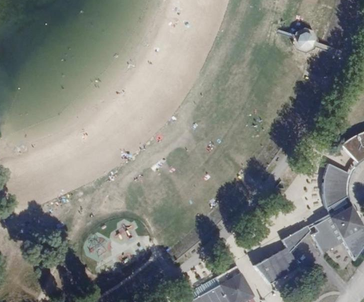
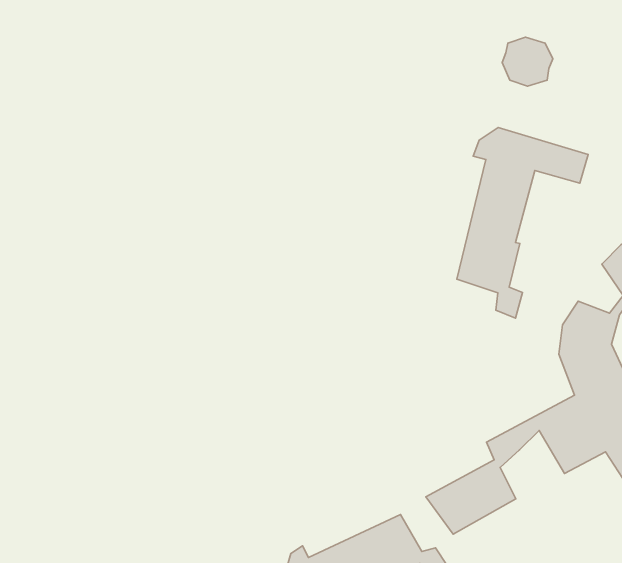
building: none -> [457,127,588,318]

